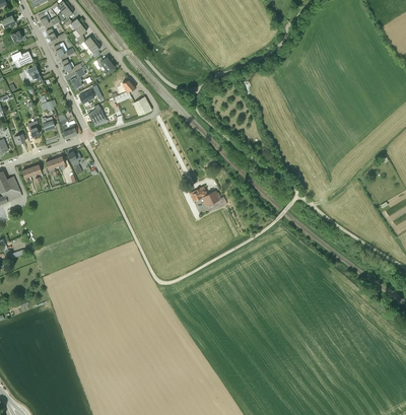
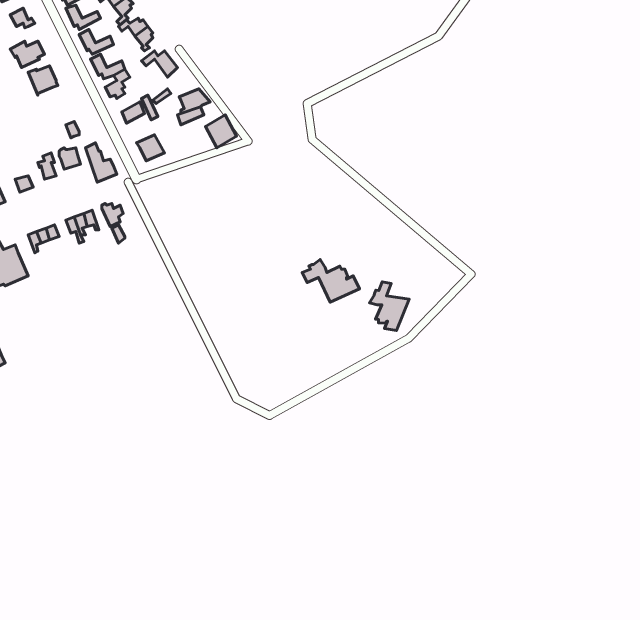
building: none -> [370,282,409,331]

